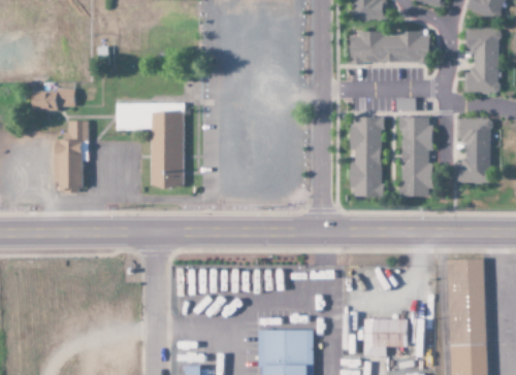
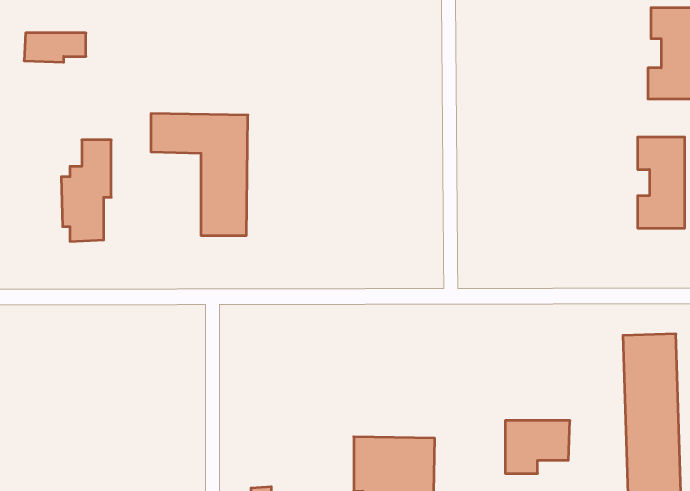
building: [351,33,428,64] -> none
building: [31,91,74,111] -> [24,33,86,62]
building: [350,117,383,197] -> none
building: [401,117,431,198] -> none

